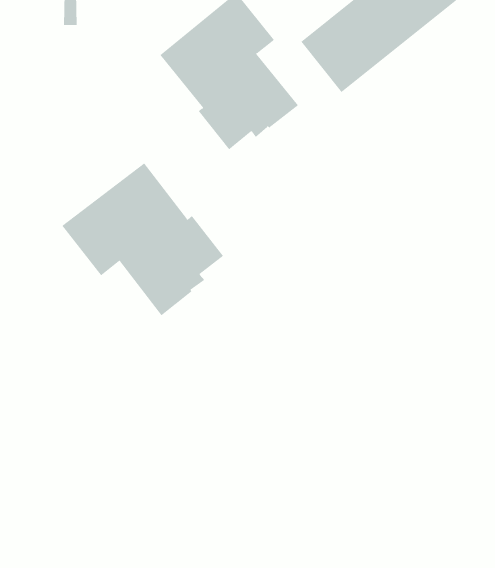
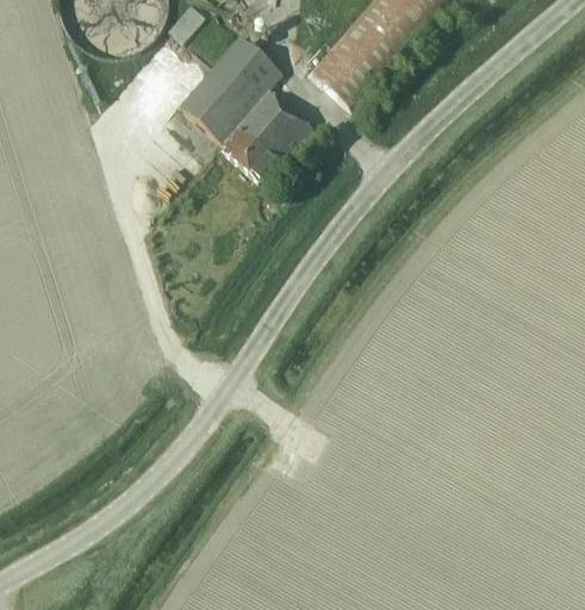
building: [62,163,224,316] -> none

